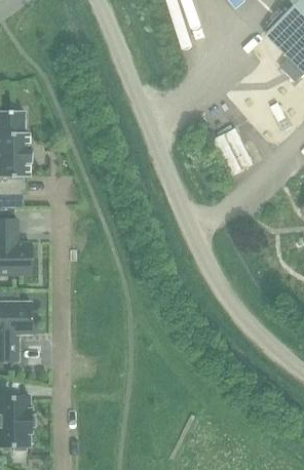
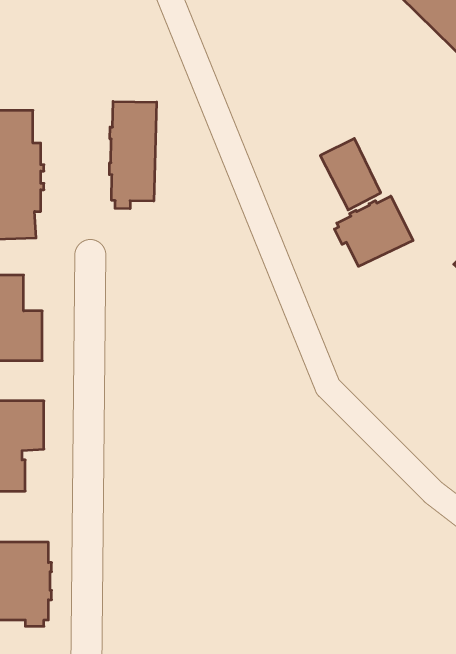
building: none -> [109,101,157,209]
building: none -> [334,196,413,266]

